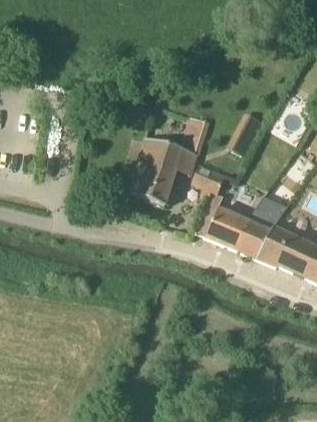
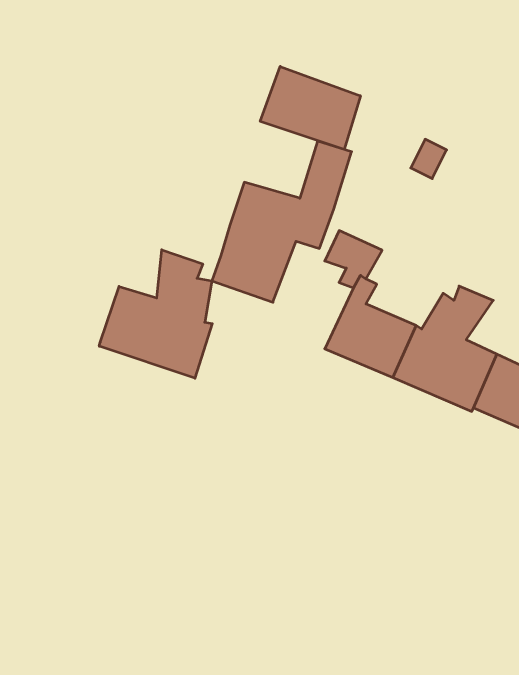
building: none -> [260,66,360,149]
building: none -> [99,250,212,378]

